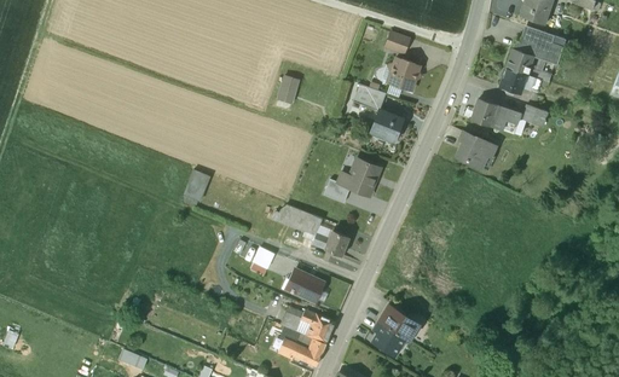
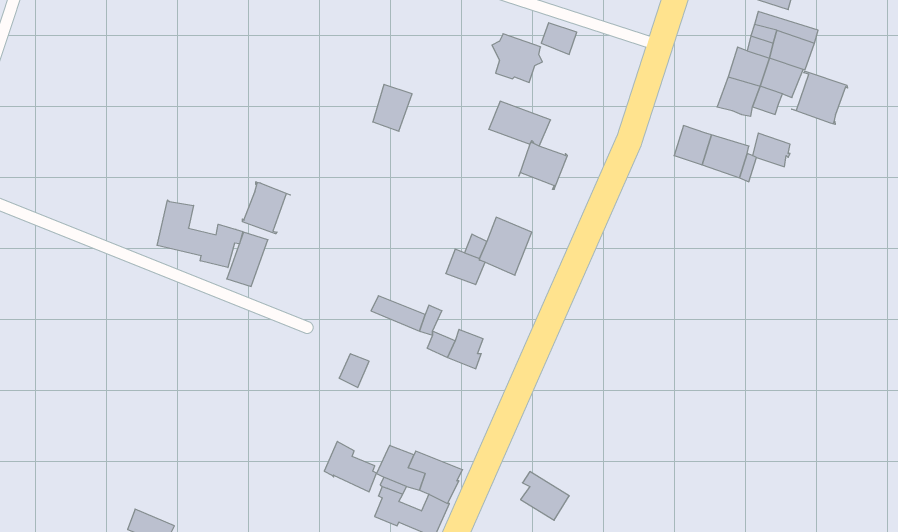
building: [388,58,421,89] -> [492,34,542,82]
building: none -> [792,71,847,124]
building: [457,132,494,170] -> none
building: none -> [243,182,290,234]
building: none -> [157,200,243,268]
building: [287,269,320,302] -> [324,441,377,492]
building: [378,308,417,341] -> none

